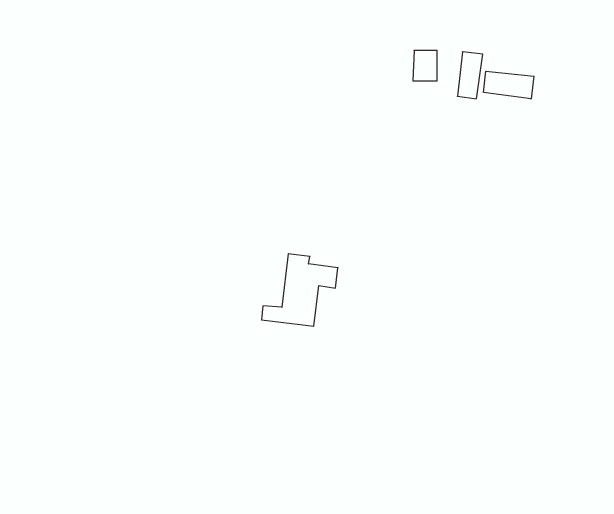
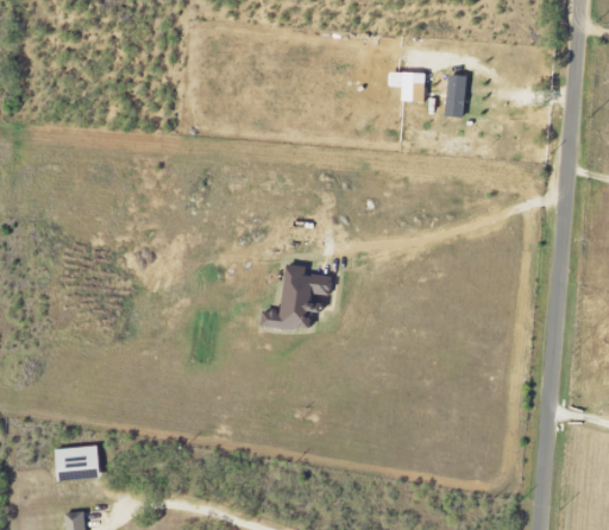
building: [484,71,534,99] -> none
building: none -> [56,444,100,480]

